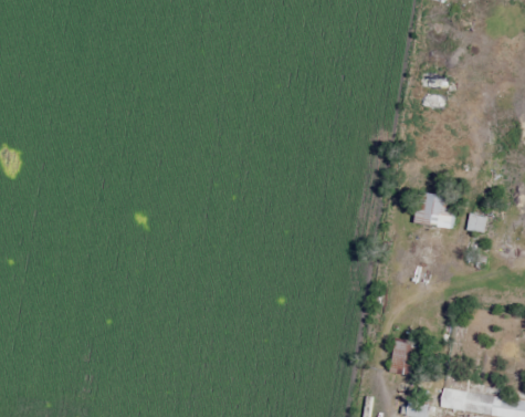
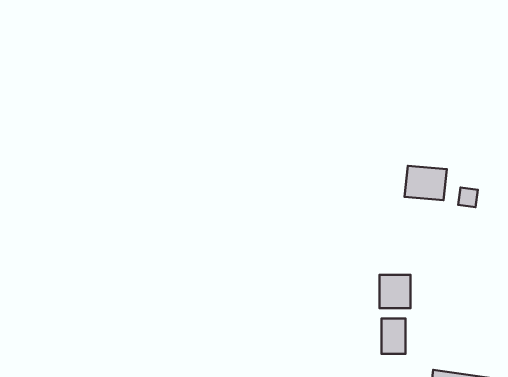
building: none -> [379,275,410,308]

